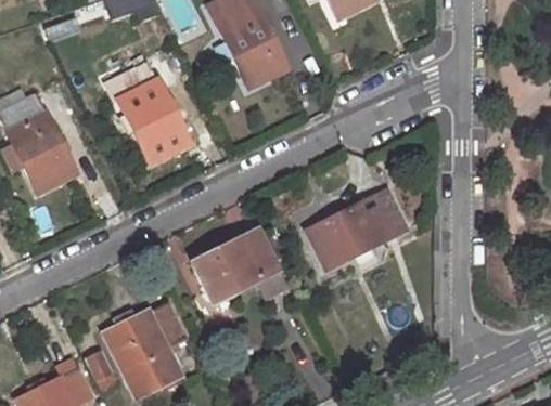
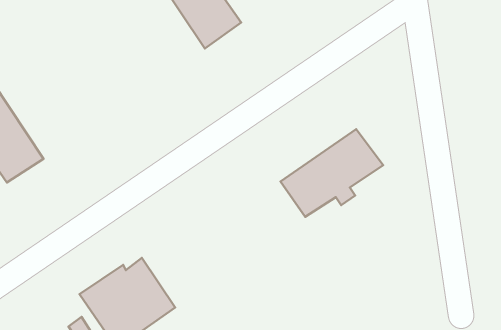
building: [106,53,188,161] -> none
building: [192,237,277,303] -> none

